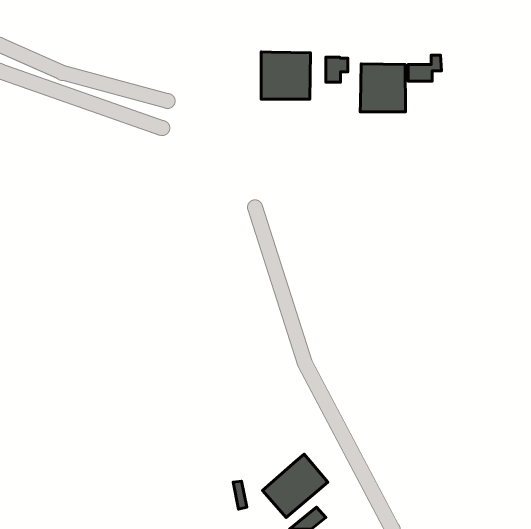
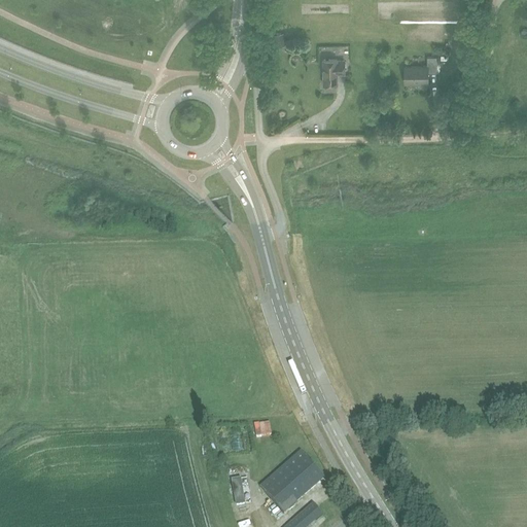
building: [261,52,311,99] -> none
building: [360,64,405,112] -> none

